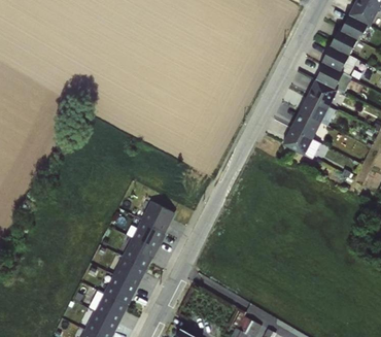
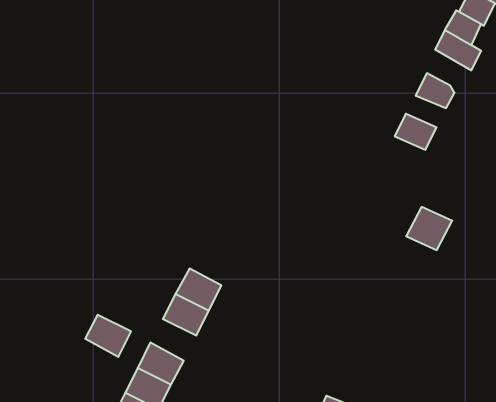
building: [316,59,349,93] -> none
building: [301,93,331,116] -> none
building: [281,123,315,155] -> [406,207,452,250]
building: [141,202,174,233] -> none
building: [112,258,146,289] -> [85,315,131,357]

